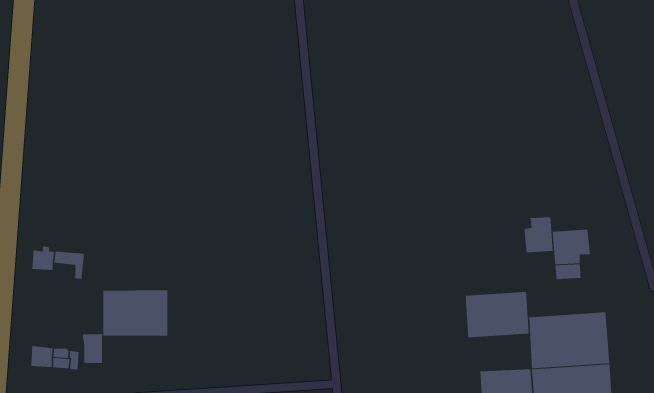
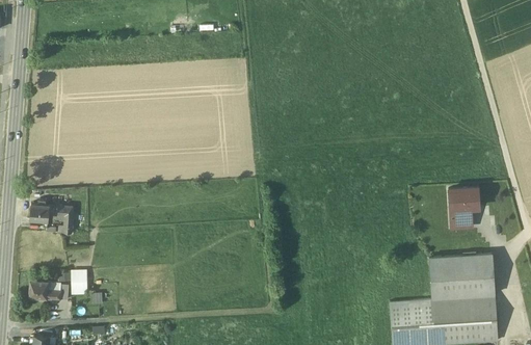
building: [524,217,553,253] -> none
building: [103,289,168,336] -> none
building: [465,291,529,338] -> none

